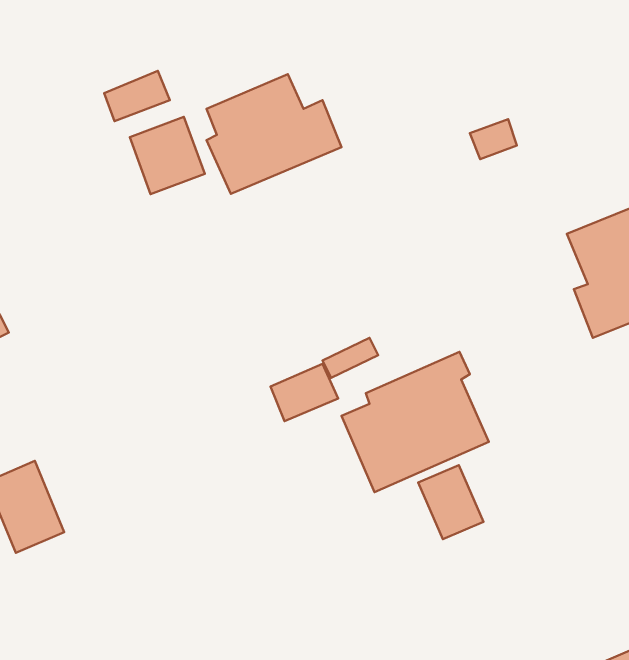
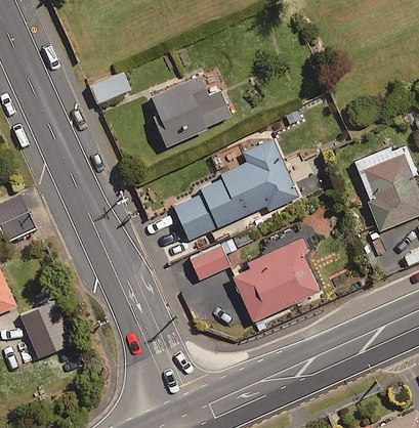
building: [130,117,205,194] -> none
building: none -> [173,139,298,240]
building: [418,465,484,539] -> none

